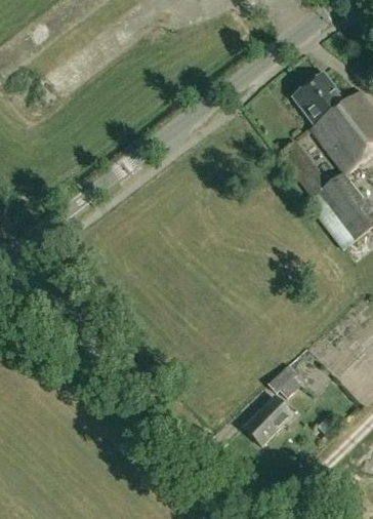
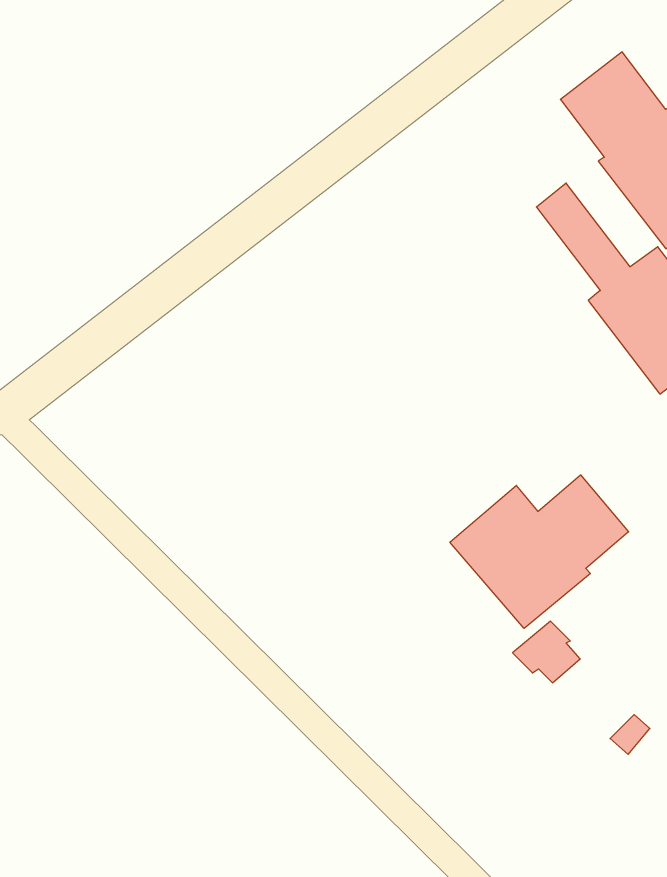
building: none -> [450,475,629,628]
building: [242,395,292,445] -> none

